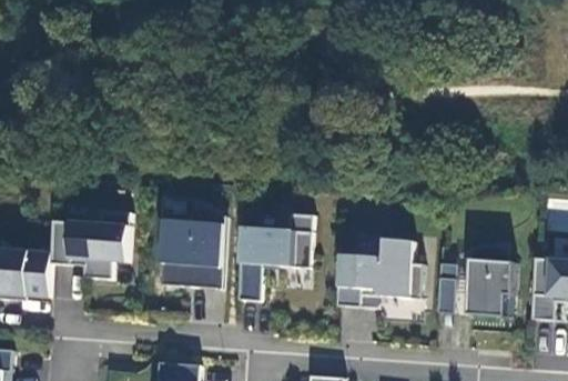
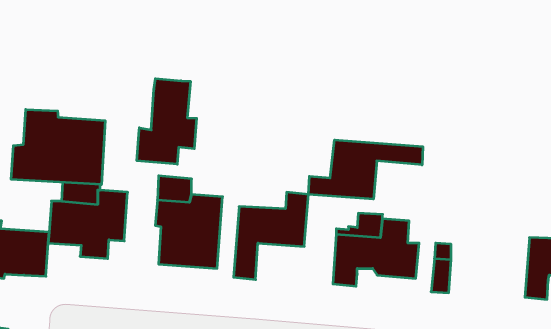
building: none -> [137,79,197,164]
building: none -> [11,109,105,185]
building: none -> [309,140,423,199]
building: [467,242,515,317] -> none

